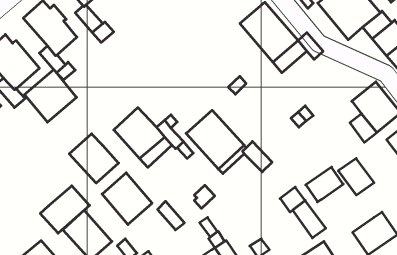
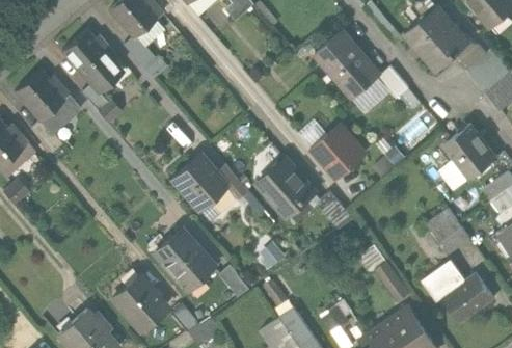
building: [25,70,77,122] -> none
building: none -> [311,125,366,180]
building: [69,134,119,183] -> none
building: [306,167,343,202] -> [426,261,469,301]
building: [40,186,90,233] -> none

